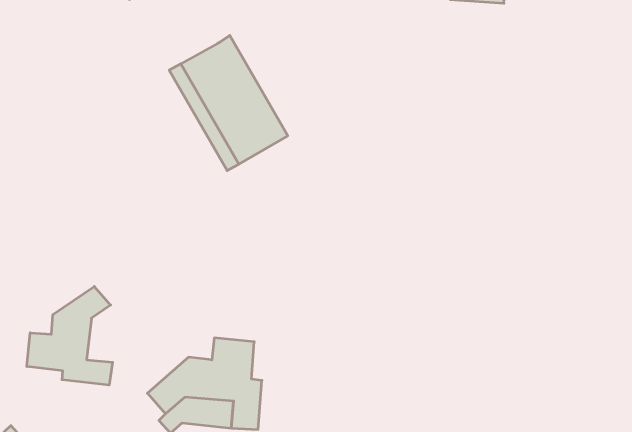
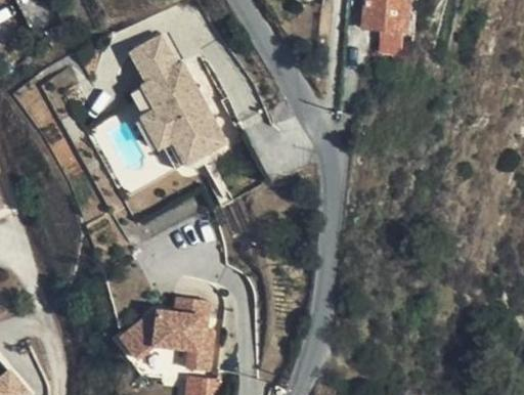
building: none -> [128,34,175,80]
building: [27,286,113,385] -> none

